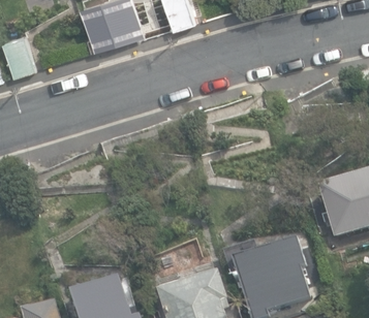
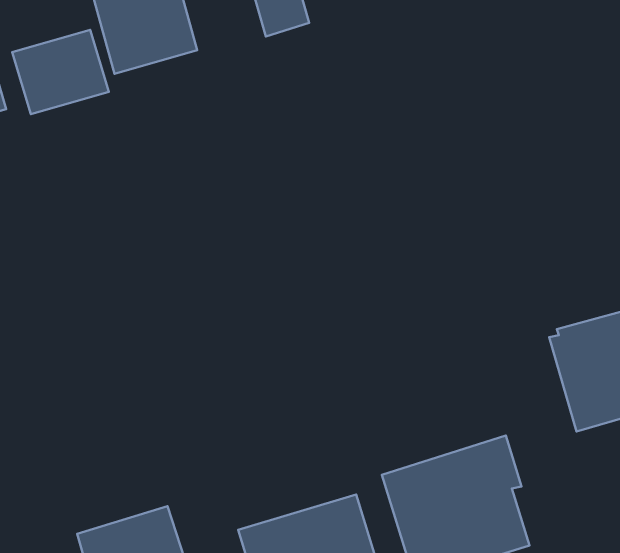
building: none -> [12,30,109,114]

